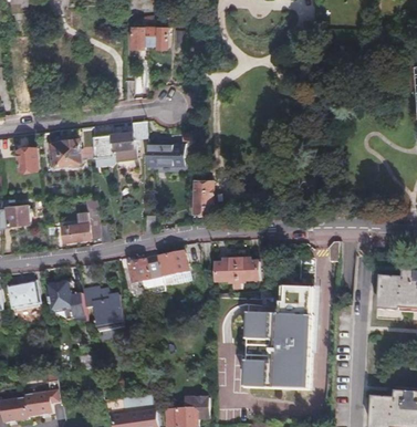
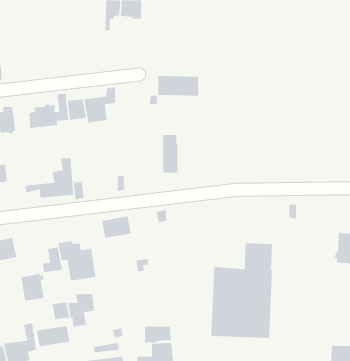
building: [144,144,188,166] -> [157,75,199,96]
building: [157,253,188,288] -> none
building: [215,259,258,289] -> none
building: [48,282,73,312] -> [20,273,44,301]
building: none -> [68,293,94,327]
building: none -> [36,325,70,347]
building: none -> [144,326,172,343]

